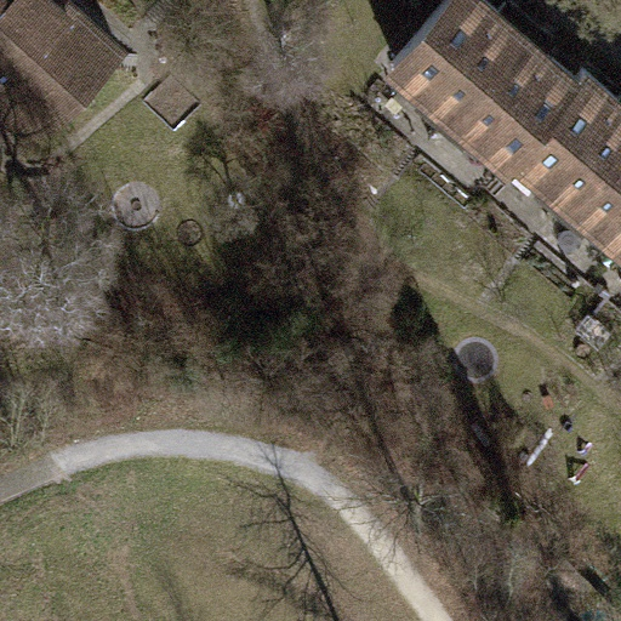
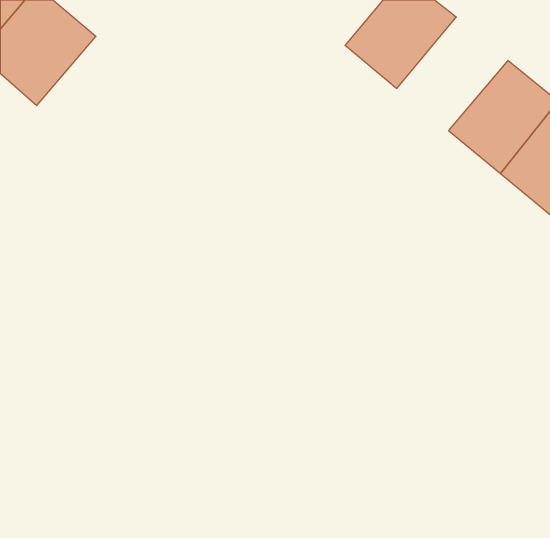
building: [448,34,572,161] -> none

